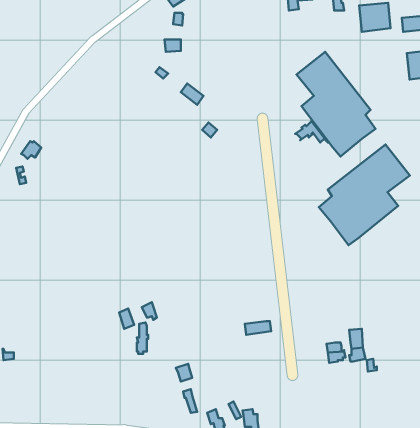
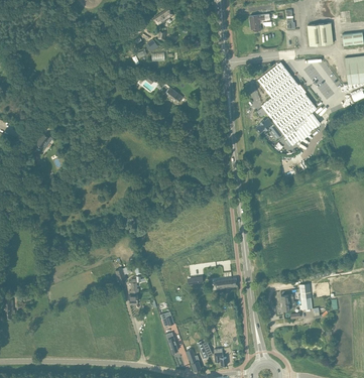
building: [319,144,410,245] -> none

